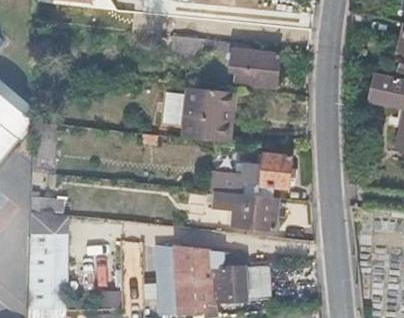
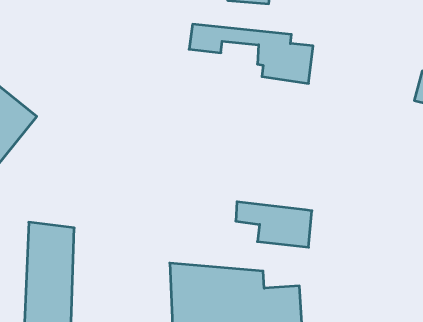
building: [181,86,235,142] -> none
building: [213,155,298,197] -> none

